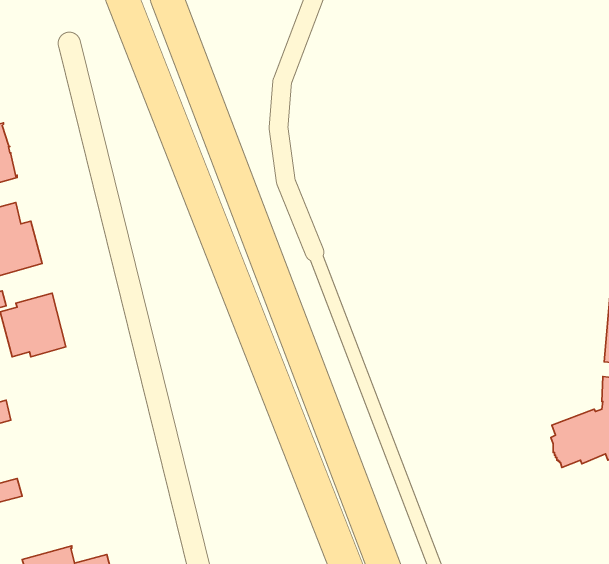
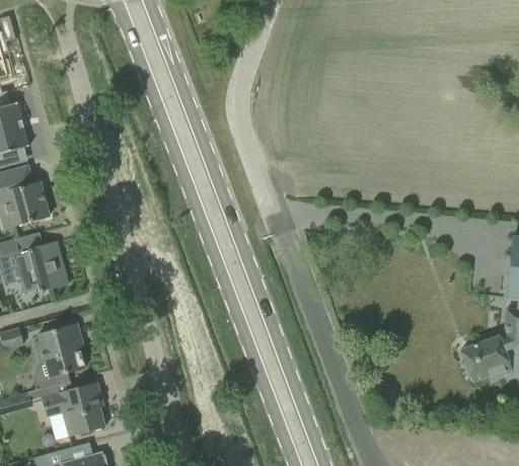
building: none -> [31,322,83,389]
building: none -> [41,384,104,436]

